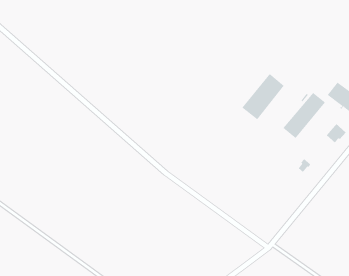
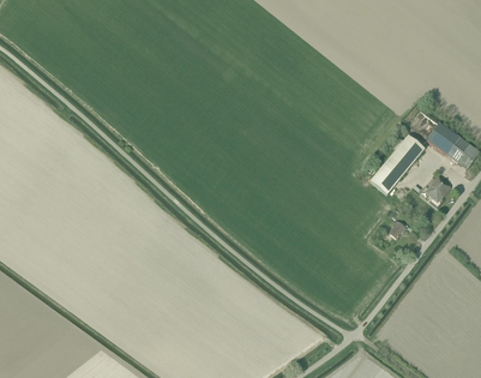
building: [242,73,285,120] -> none

